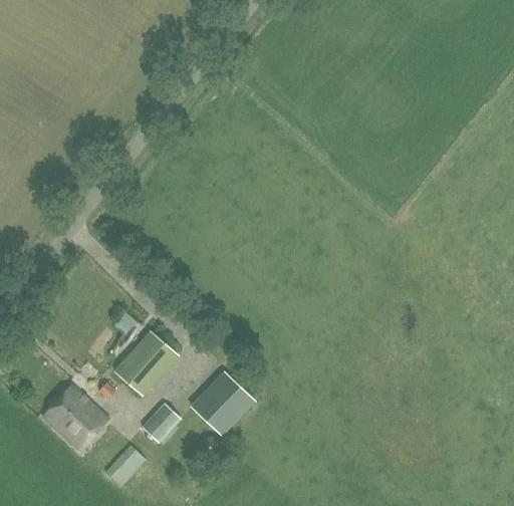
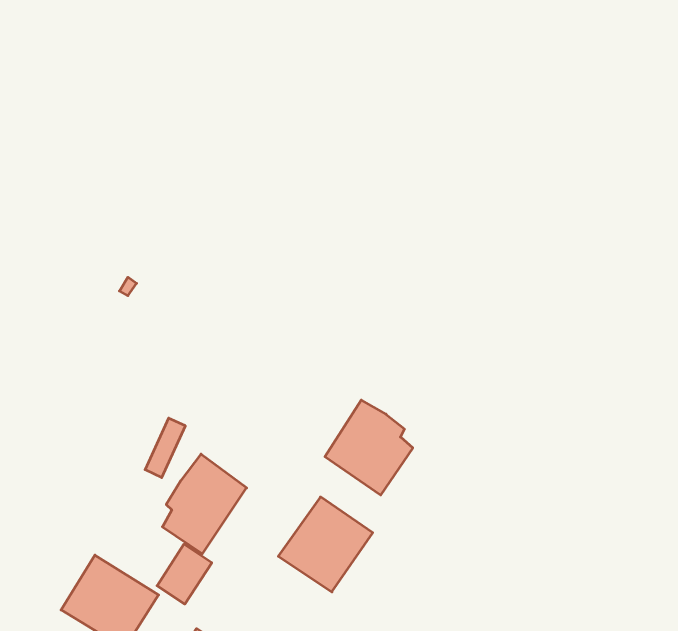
building: none -> [325,400,413,495]
building: [142,403,180,442] -> [157,544,212,604]

